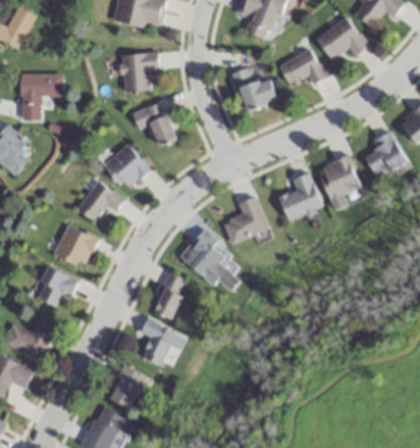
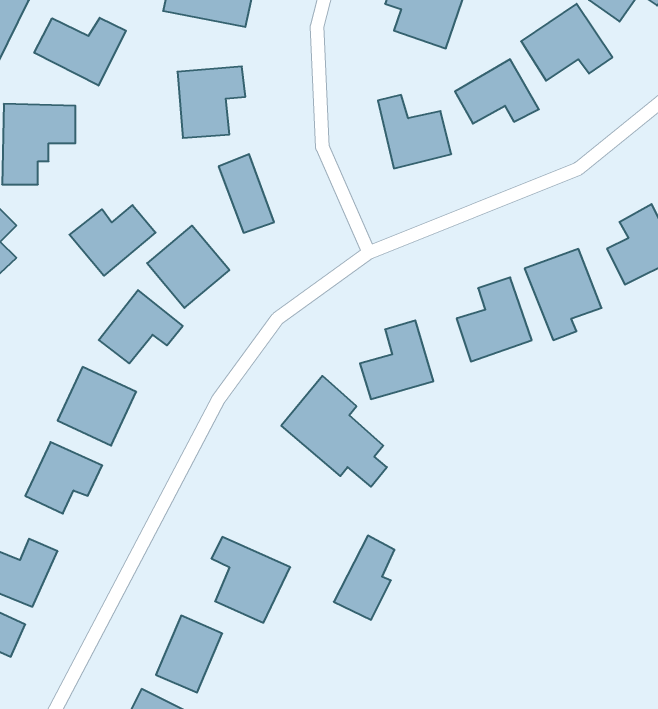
building: none -> [34,18,126,86]
building: none -> [69,205,156,276]
building: [153,272,188,320] -> [334,536,395,620]

